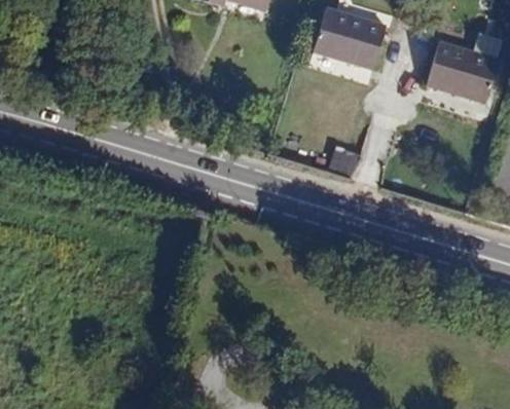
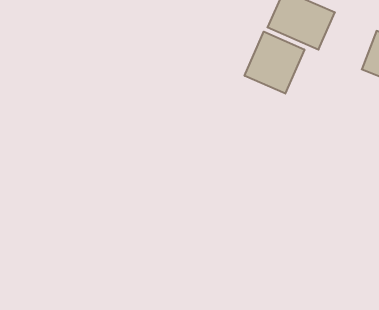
building: none -> [245,32,304,94]

